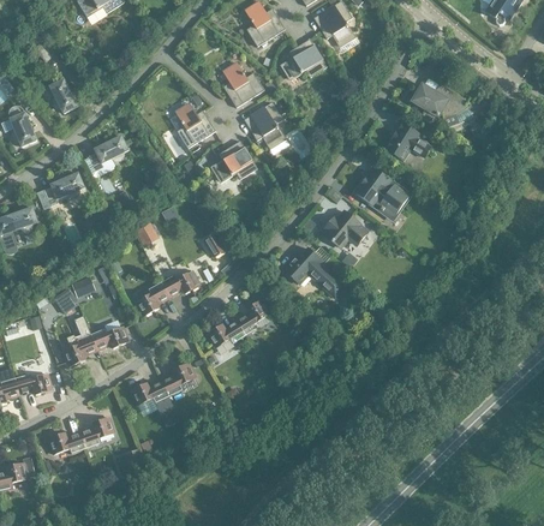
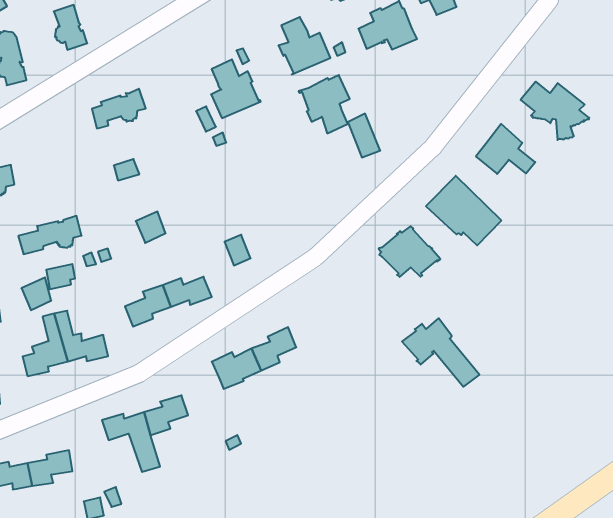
building: [211,141,257,181] -> none
building: [36,172,84,207] -> [18,216,82,254]
building: [282,247,345,297] -> [402,318,479,387]

